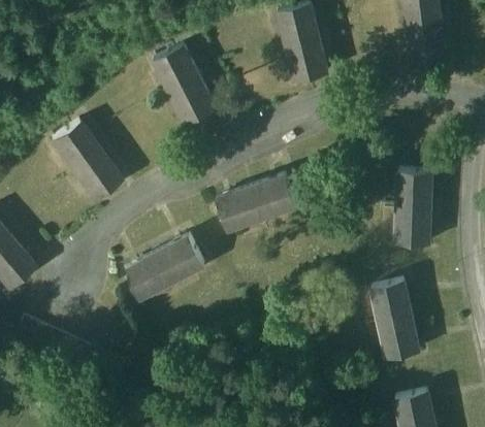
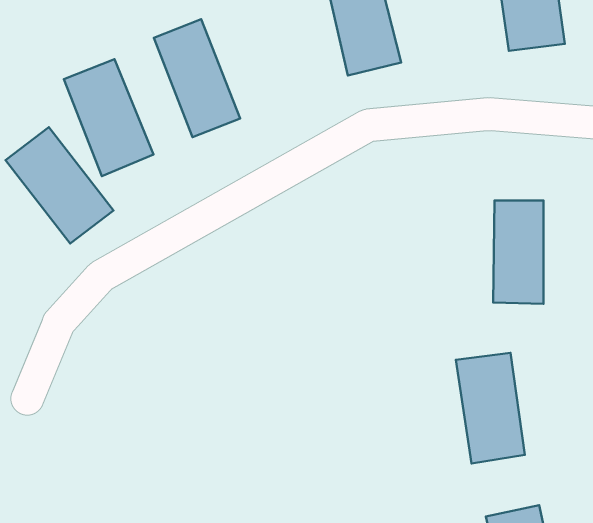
building: none -> [64,59,153,176]
building: [214,174,296,232] -> none
building: [121,233,206,302] -> none

